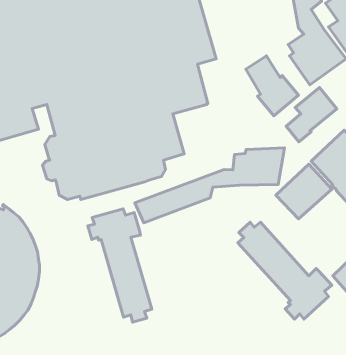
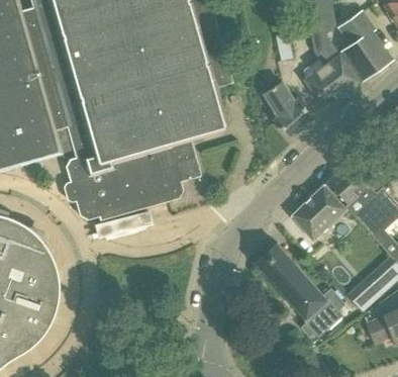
building: [286,88,337,142] -> none
building: [135,148,284,223] -> none
building: [88,209,152,322] -> none

